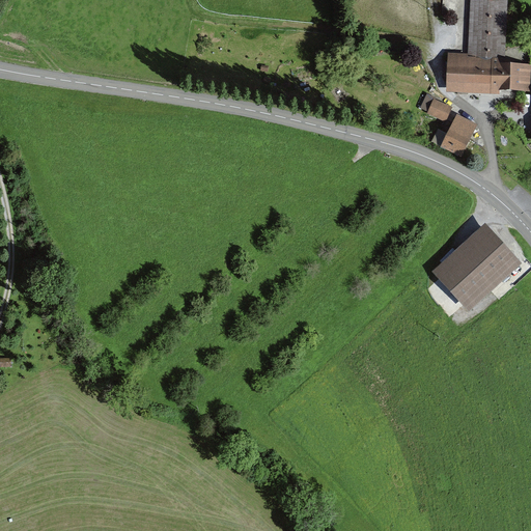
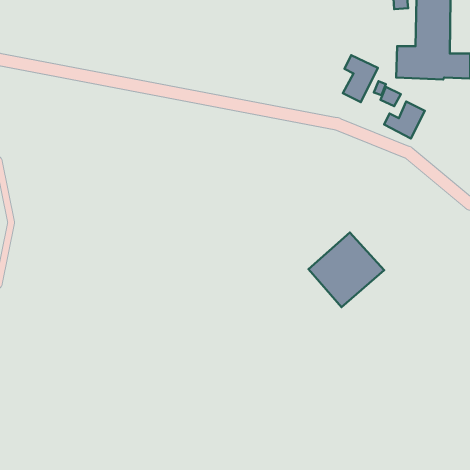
building: none -> [343,55,378,102]
building: [435,227,520,311] -> [308,232,384,307]

